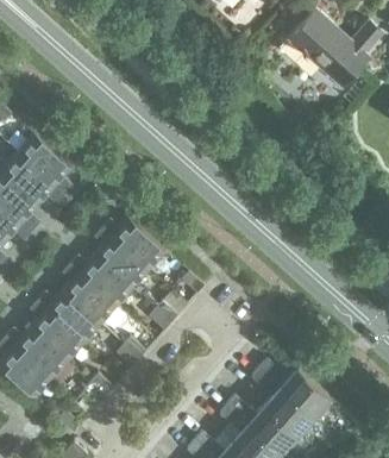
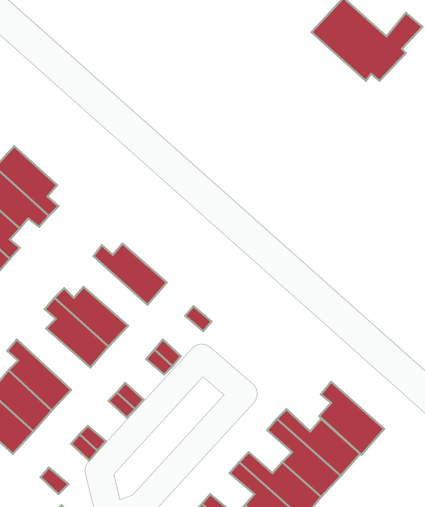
building: [93,228,149,293] -> none
building: [37,290,100,343] -> none
building: none -> [319,382,384,455]

